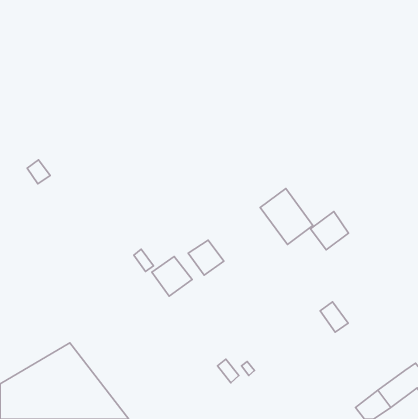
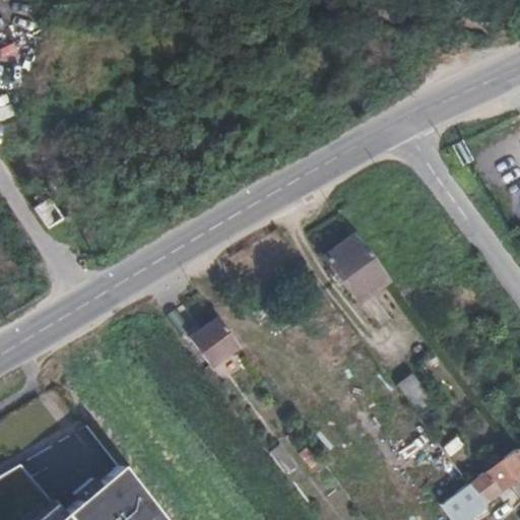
building: [311,211,348,250] -> none
building: [188,240,224,275] -> none

